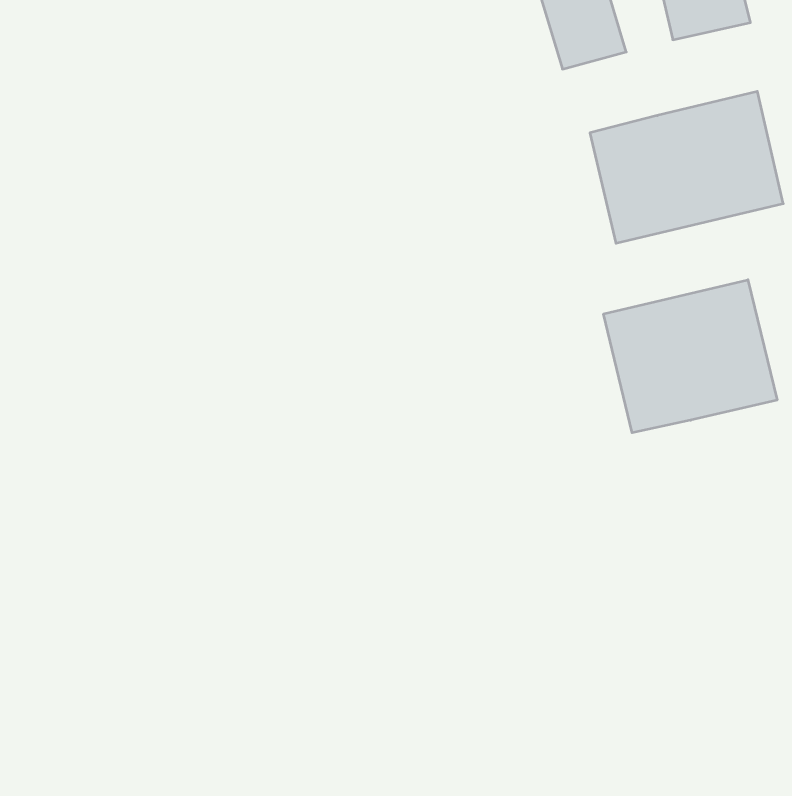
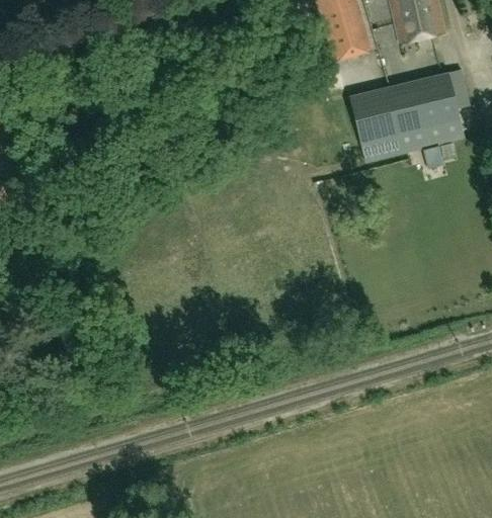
building: [604,280,777,433] -> none

